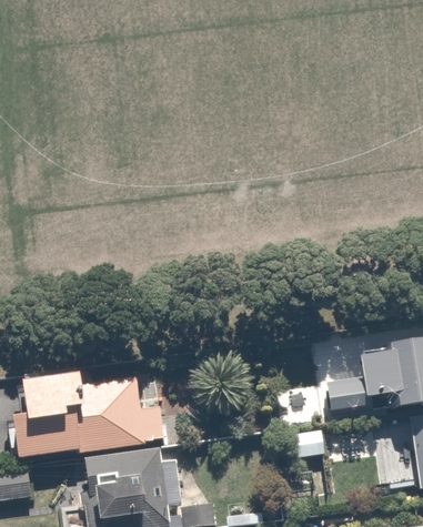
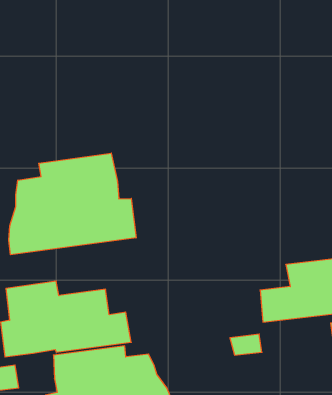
building: none -> [9,153,136,255]

